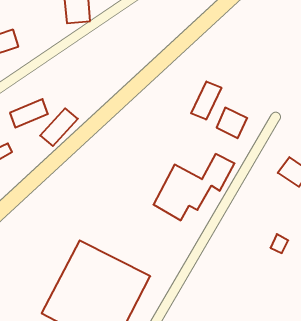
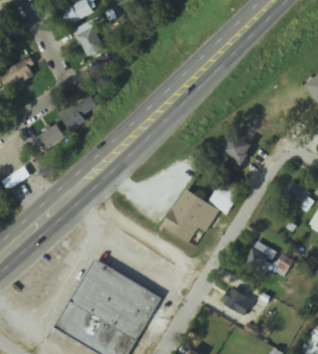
building: [191,81,221,120] -> none
building: [40,108,78,146] -> [61,94,98,130]
building: none -> [243,240,276,276]
building: none -> [220,287,254,317]

